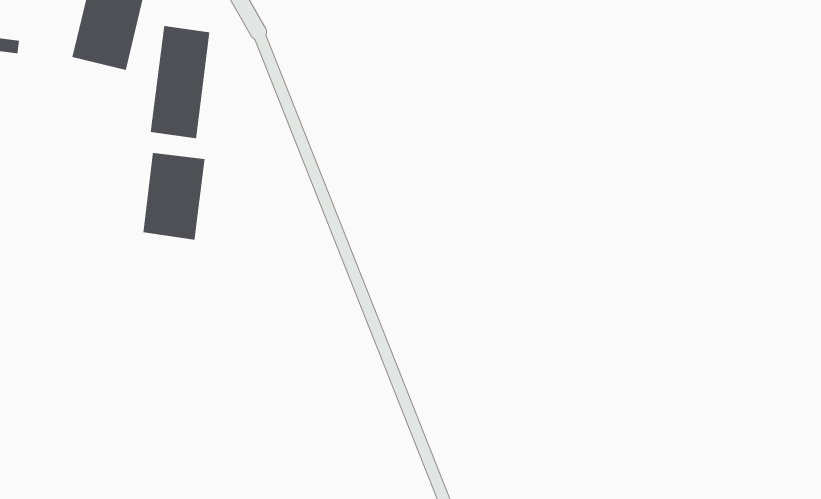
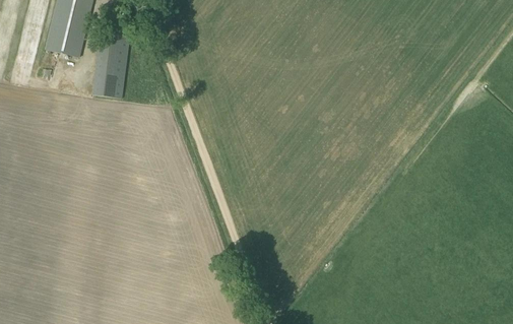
building: [143,152,205,240] -> none

